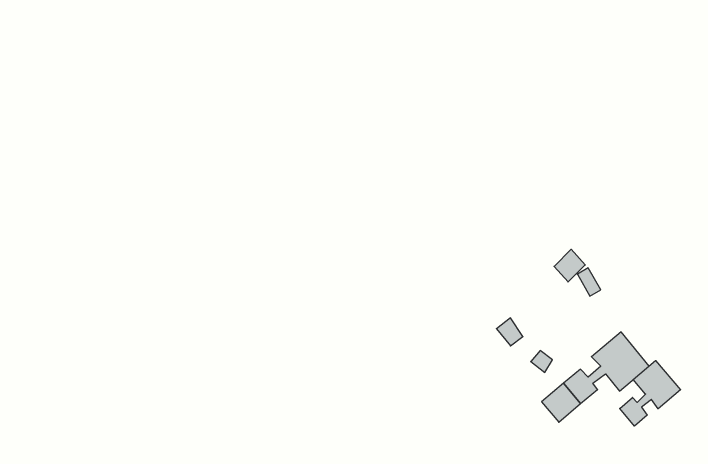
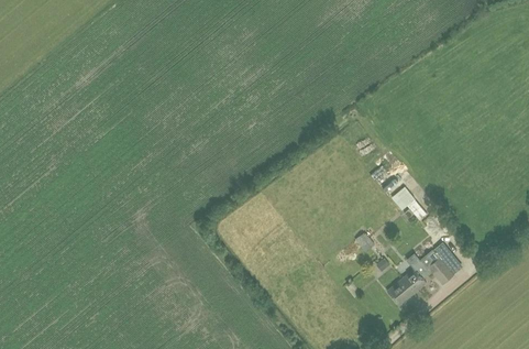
building: [620,361,681,426] -> none

